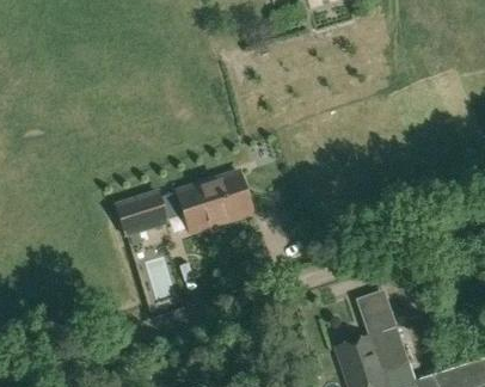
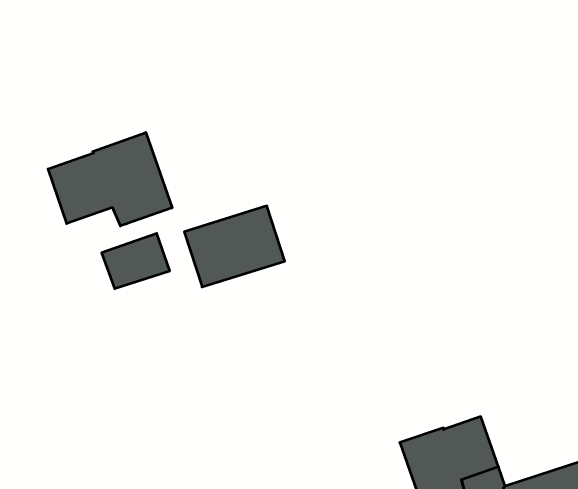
building: none -> [48,132,172,226]
building: [356,289,397,337] -> none

